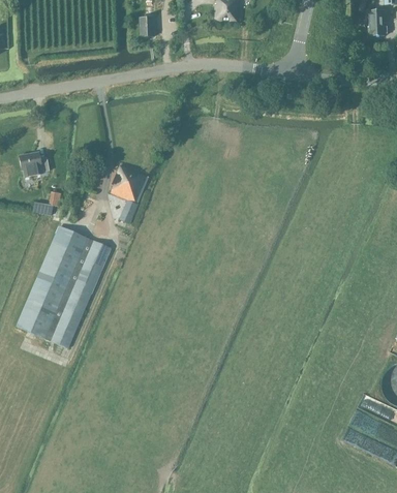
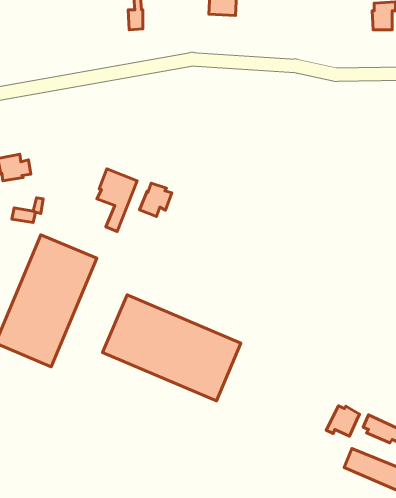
building: none -> [140,183,172,216]
building: none -> [103,295,241,401]
building: none -> [326,406,360,436]

